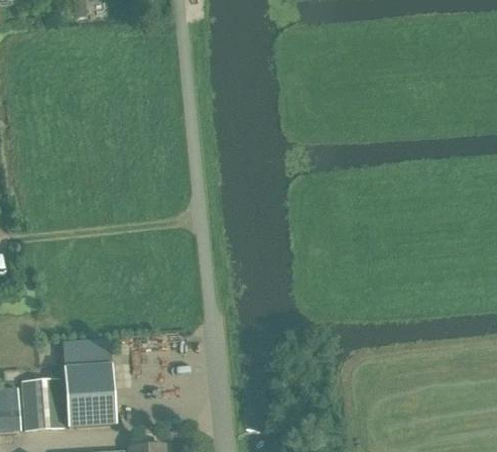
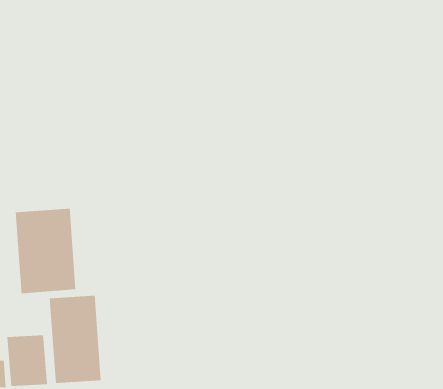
building: none -> [15,208,76,294]

